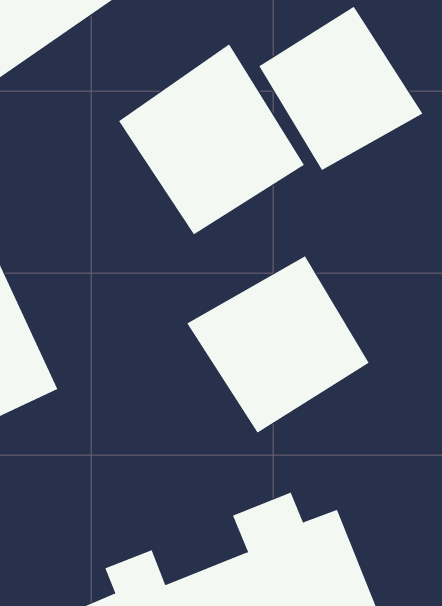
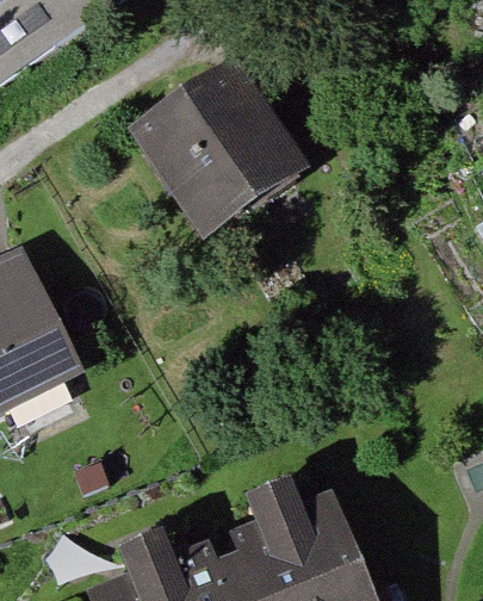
building: [259,6,423,171] -> none
building: [187,255,369,434] -> none

